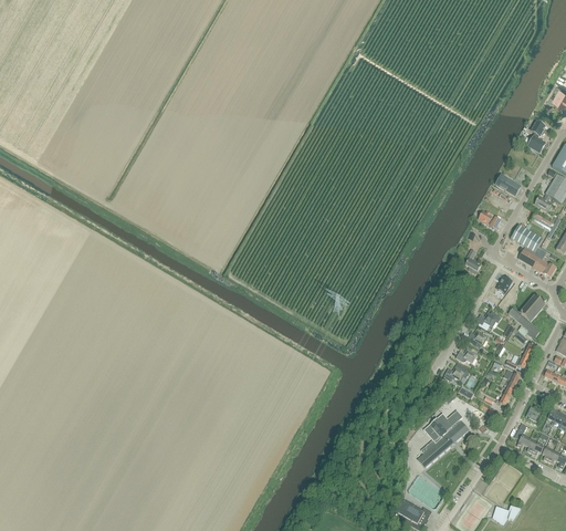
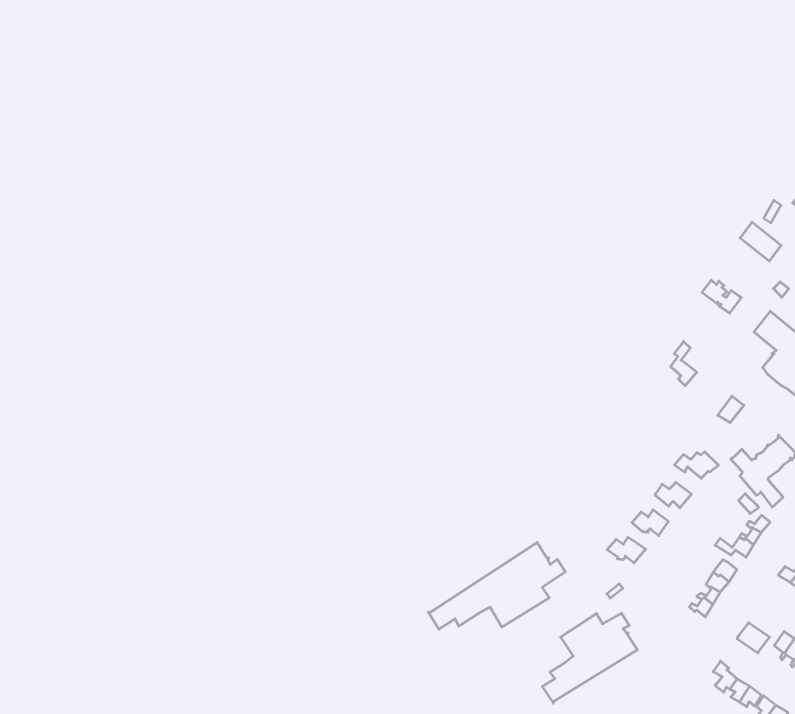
building: none -> [428,542,565,629]

